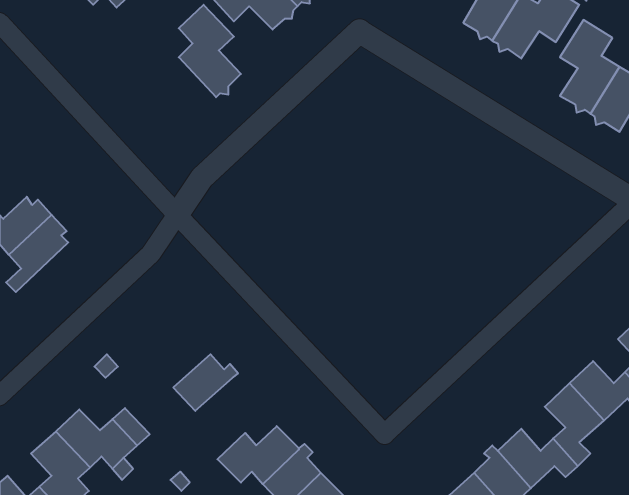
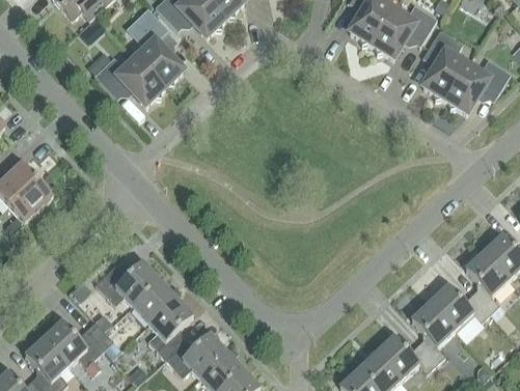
building: none -> [94,56,164,105]
building: none -> [95,261,160,305]
building: none -> [148,298,193,359]

